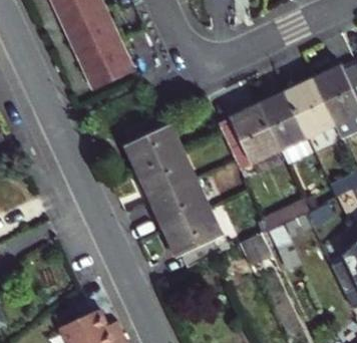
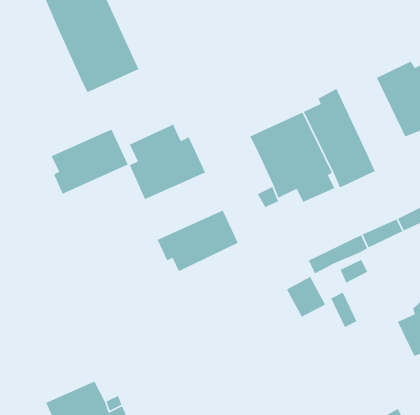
building: [285,77,337,136] -> none
building: [137,150,198,202] -> [50,128,129,195]
building: [163,205,225,266] -> none

